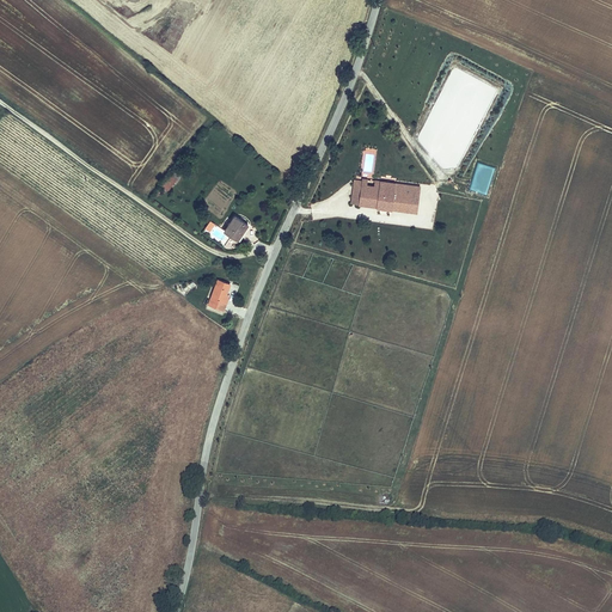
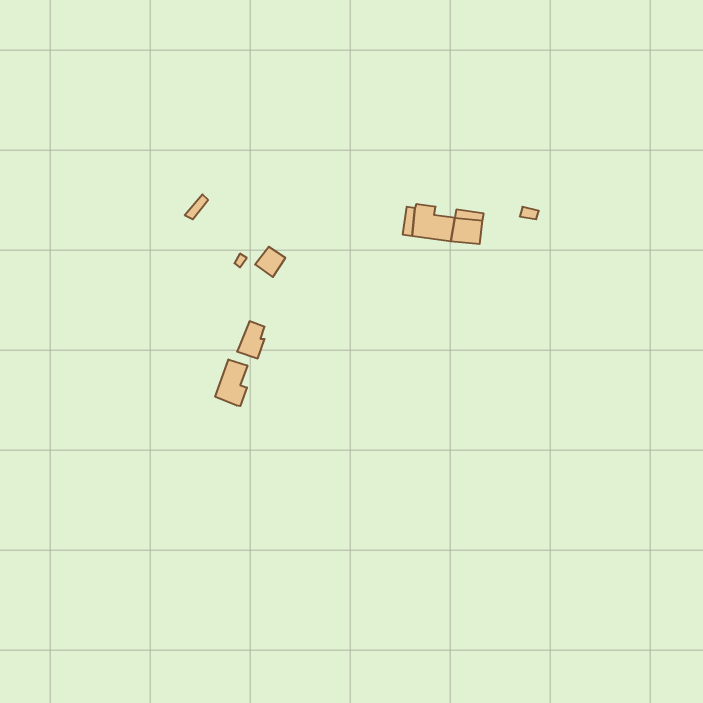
building: none -> [215,359,247,406]

